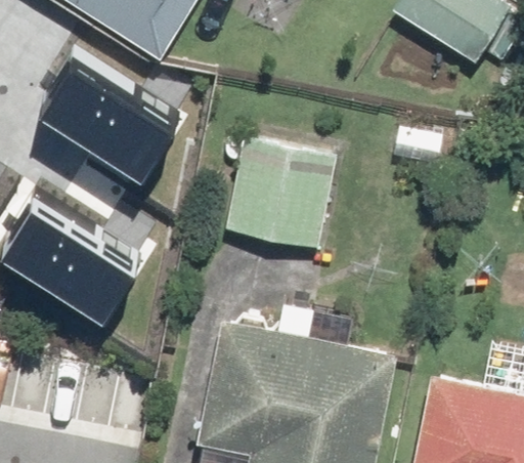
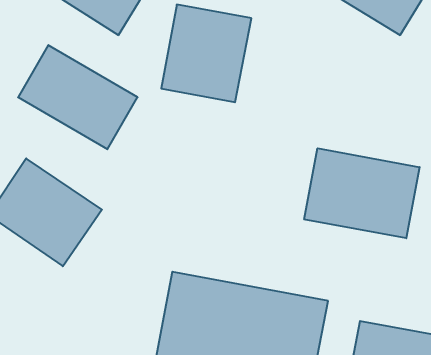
building: [235,140,337,250] -> [161,5,251,102]
building: none -> [304,148,420,238]

